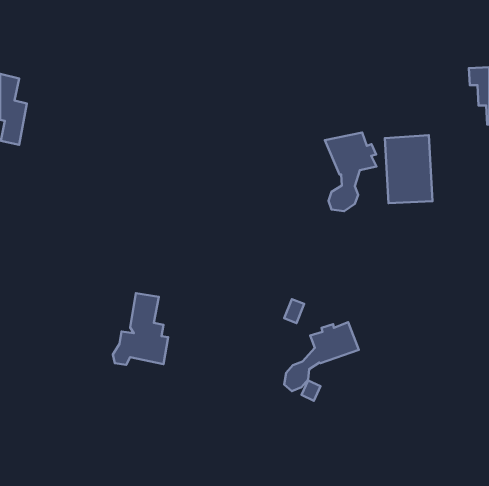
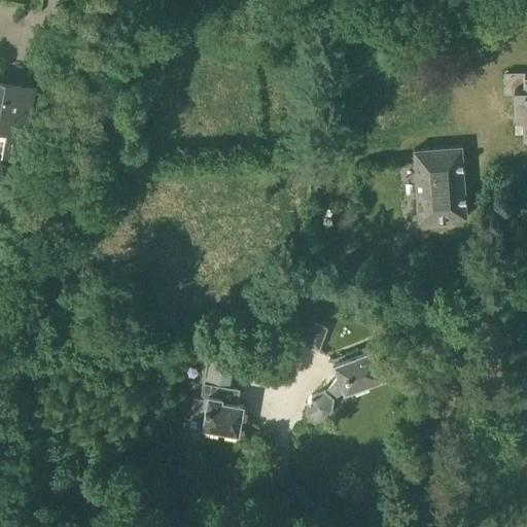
building: [325,133,377,211] -> none
building: [113,293,168,365] -> [183,360,243,437]

